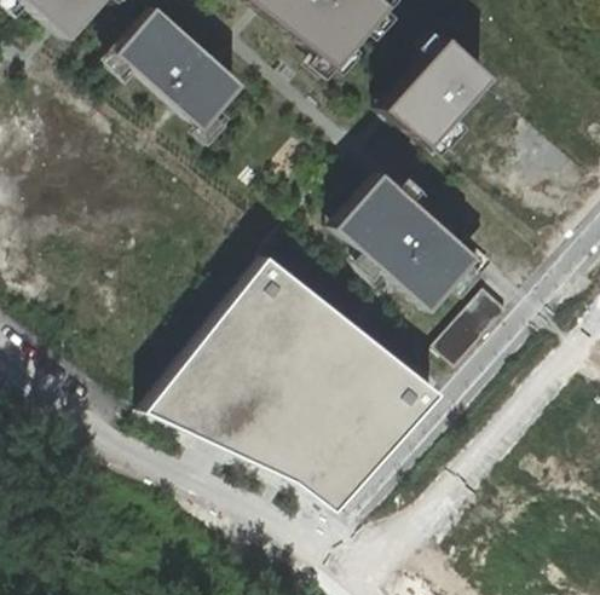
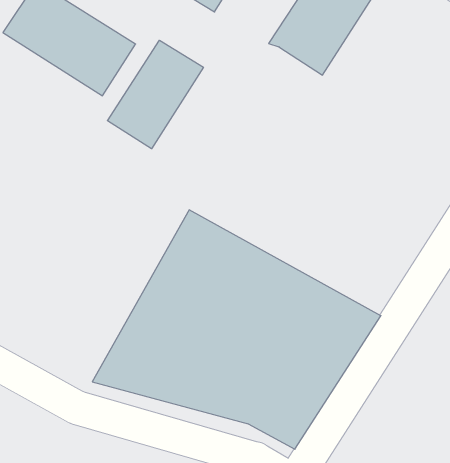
building: none -> [107,40,203,149]
building: [334,172,479,312] -> none

